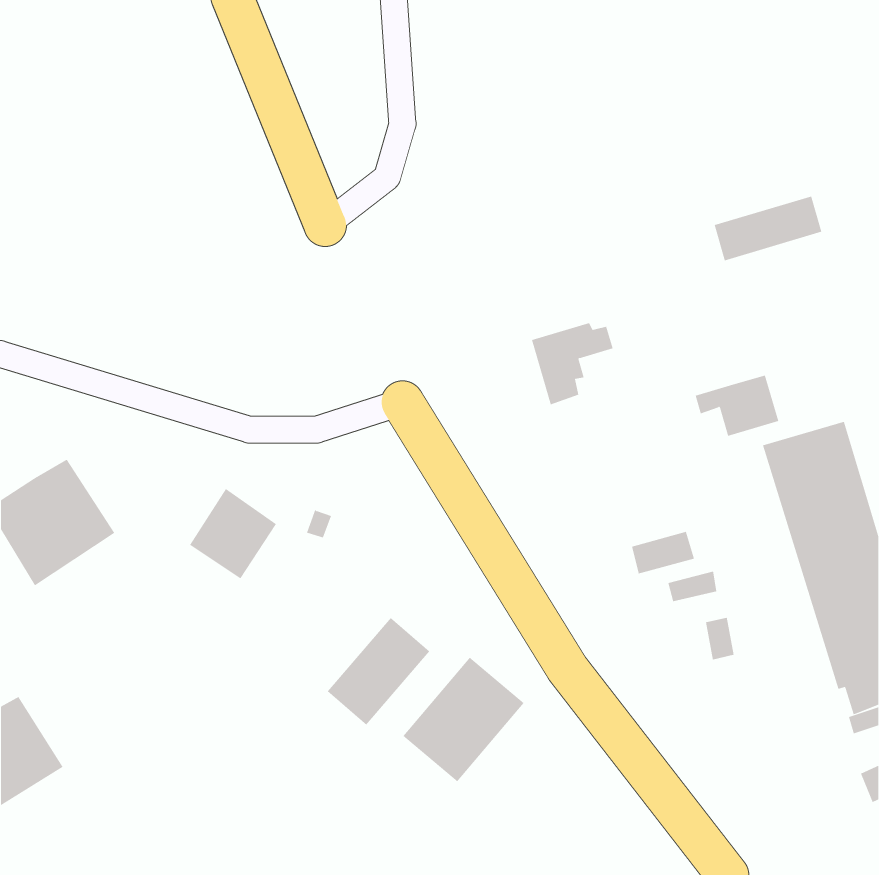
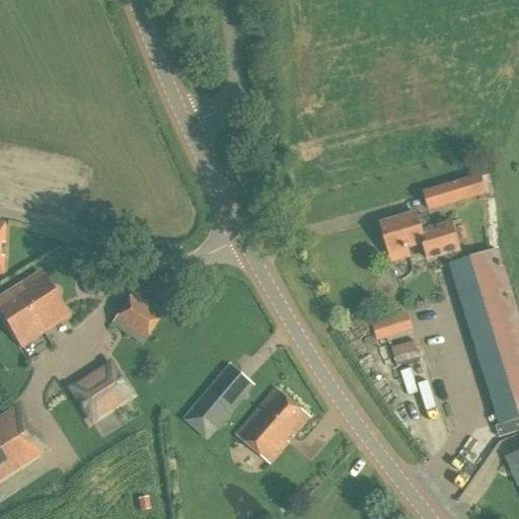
building: [714,196,822,261] -> [423,171,487,210]
building: [531,323,614,405] -> [381,212,430,261]
building: none -> [66,355,135,422]

